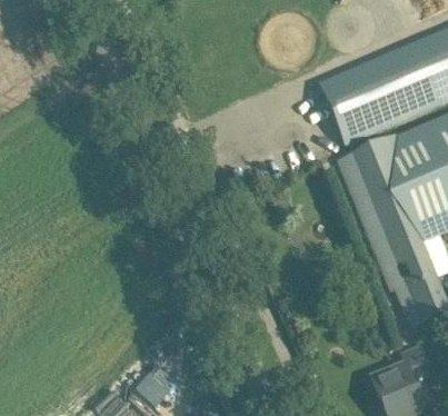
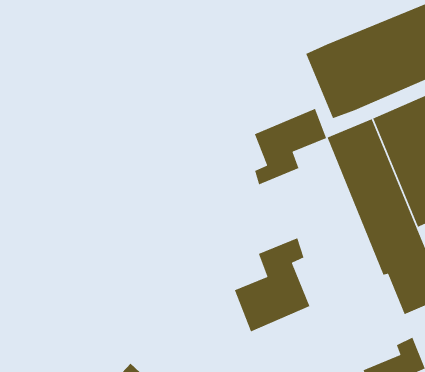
building: none -> [254,108,327,186]
building: none -> [234,237,310,332]

